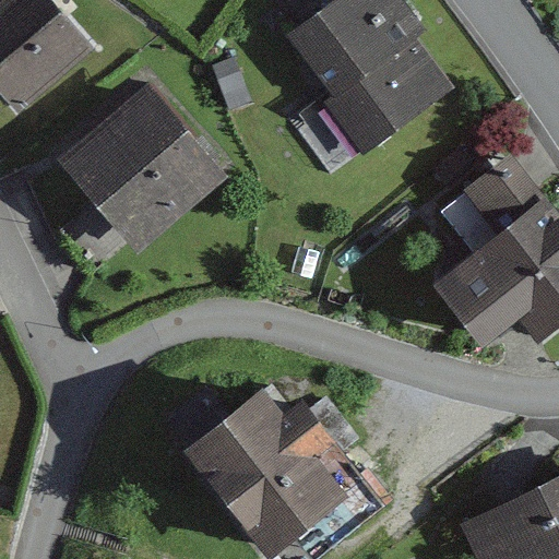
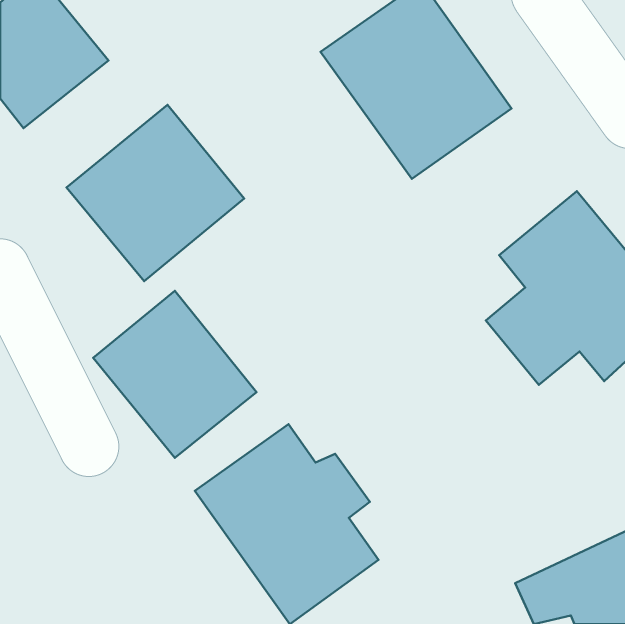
building: none -> [93,291,257,458]

